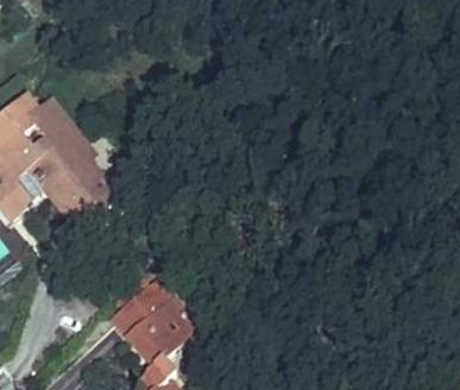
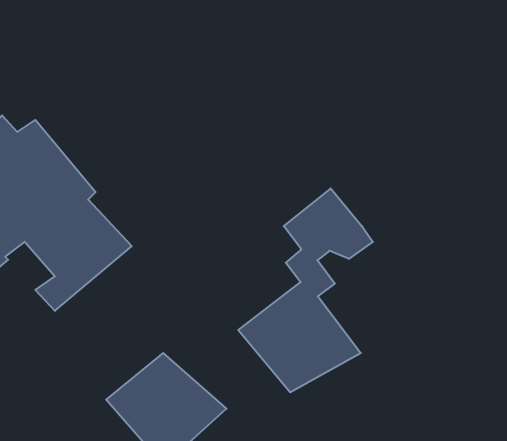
building: none -> [238,188,373,392]

